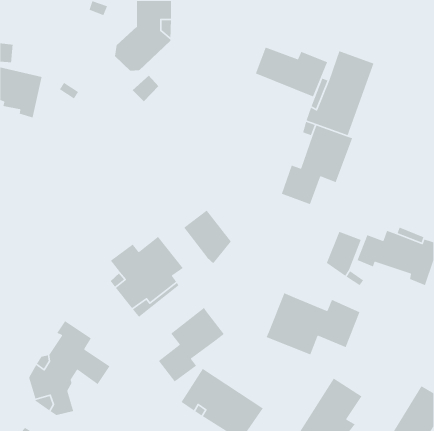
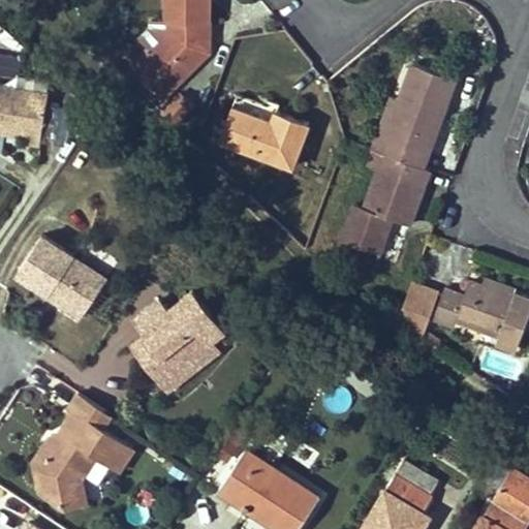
building: [255,46,328,98] -> [220,108,309,170]
building: none -> [15,236,106,316]
building: [183,210,232,264] -> none
building: [265,292,361,355] -> none
building: [158,307,225,382] -> none

